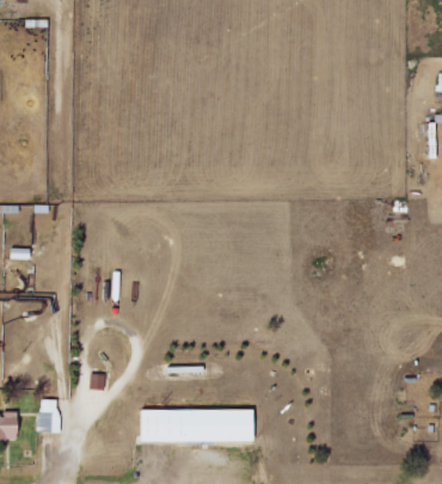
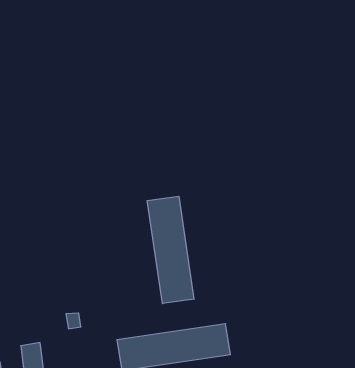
building: none -> [147,196,194,304]

